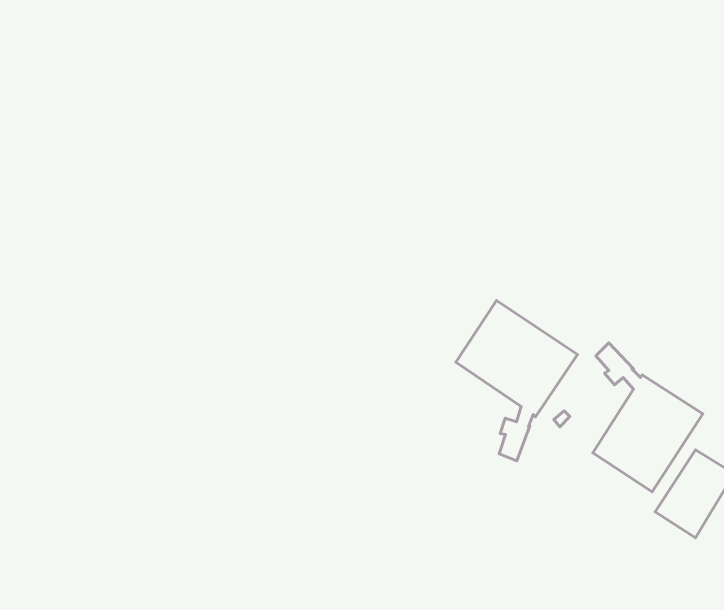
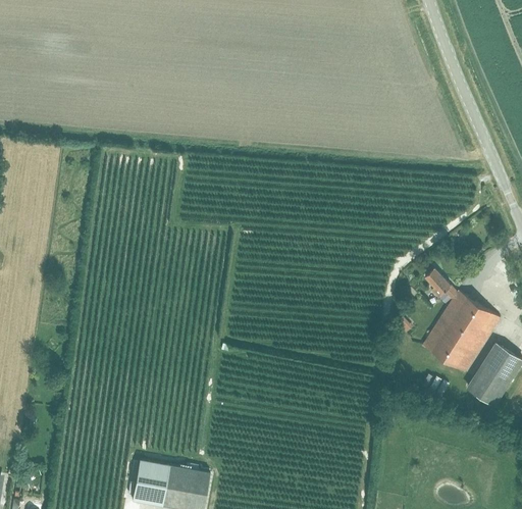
building: [456,300,578,461] -> none

